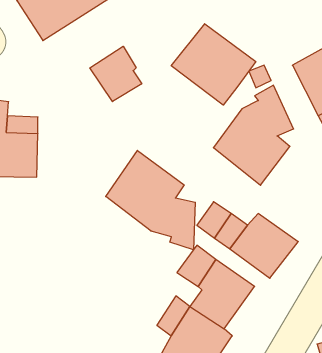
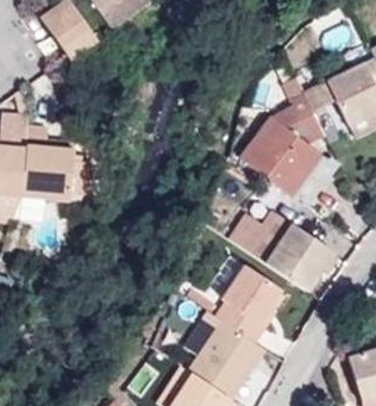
building: [171,24,256,105] -> none
building: [90,46,142,102] -> none
building: [106,150,195,250] -> none

